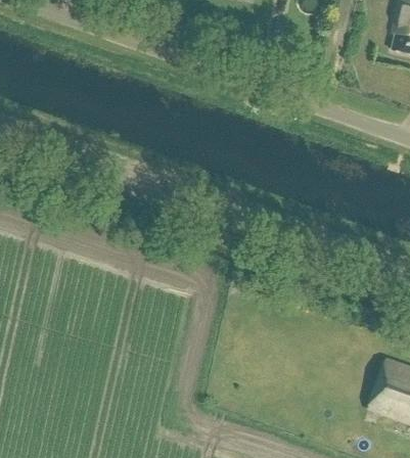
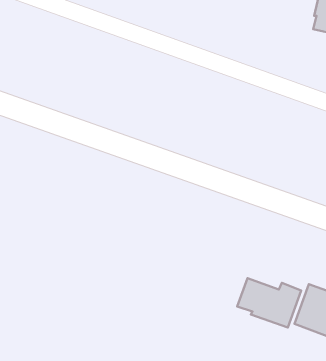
building: none -> [237,278,301,327]

